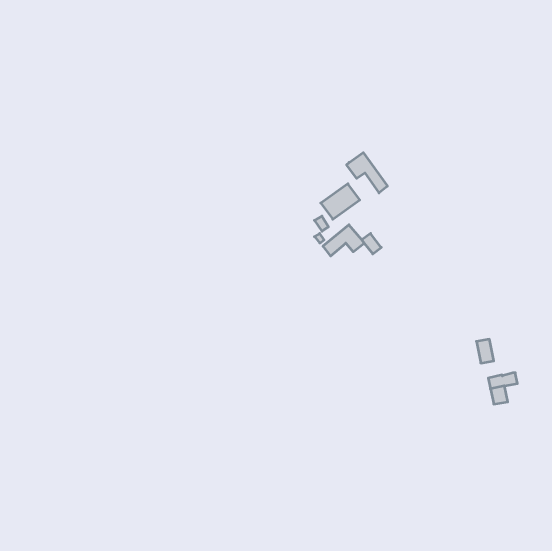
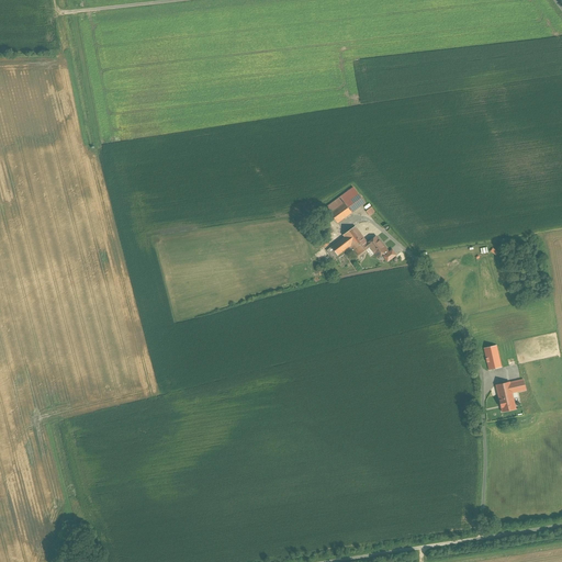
building: [347,153,387,193] -> none

